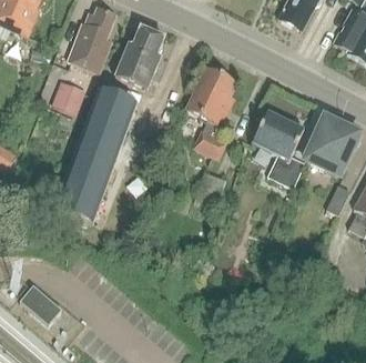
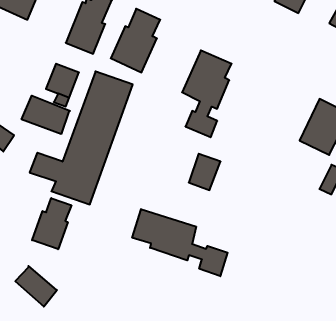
building: [252,111,305,186] -> none
building: none -> [22,96,70,134]
building: none -> [32,198,71,249]
building: none -> [132,209,228,276]

